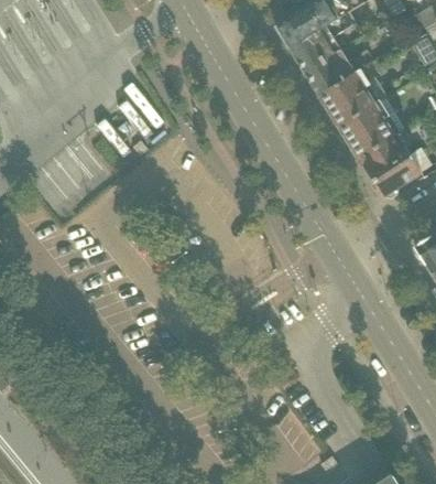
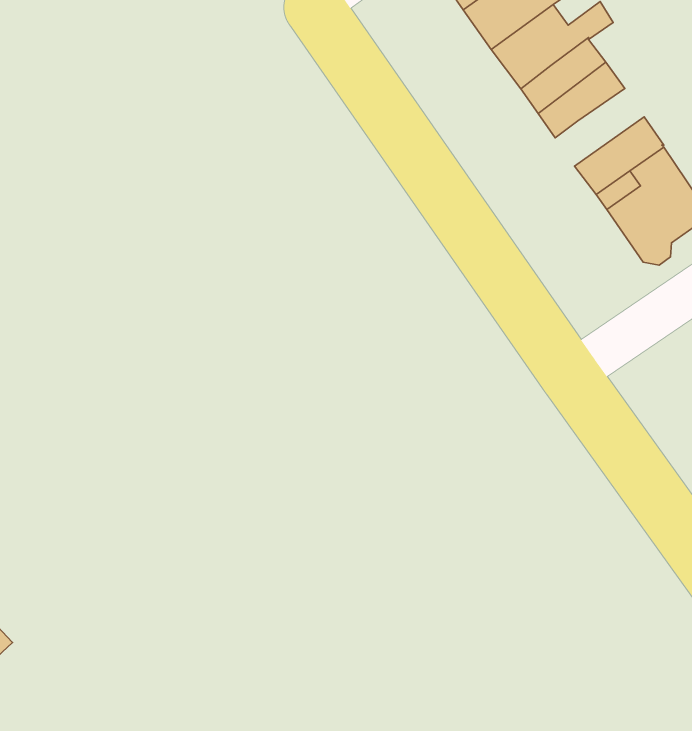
building: [337,97,388,139] -> none

